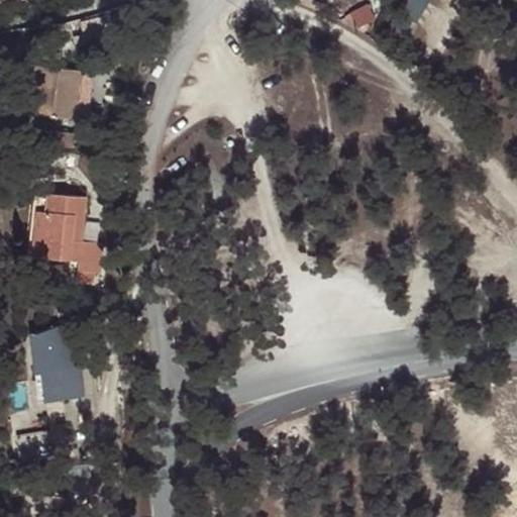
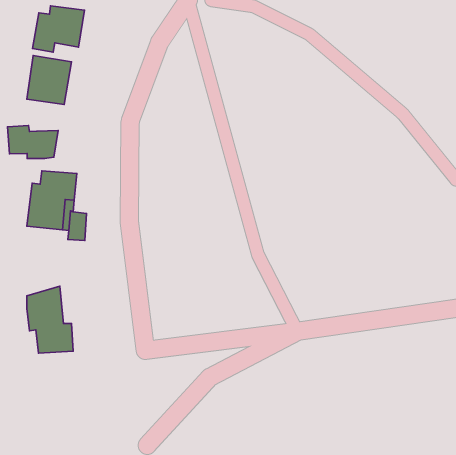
building: none -> [32,6,84,52]
building: none -> [7,125,58,159]

